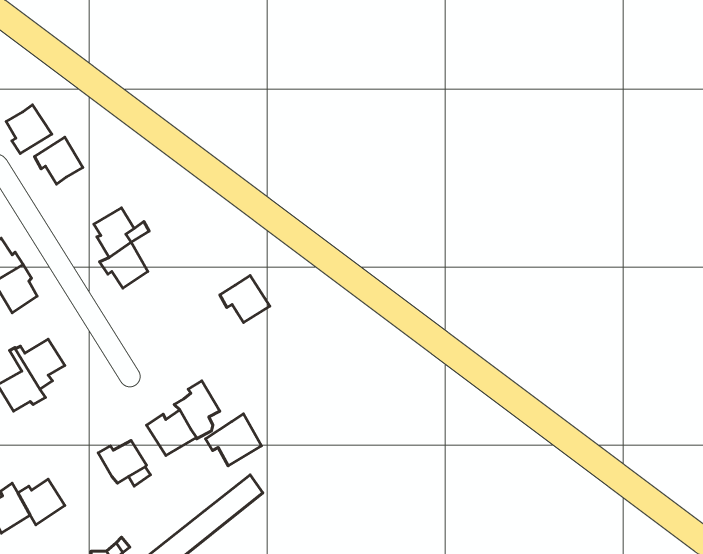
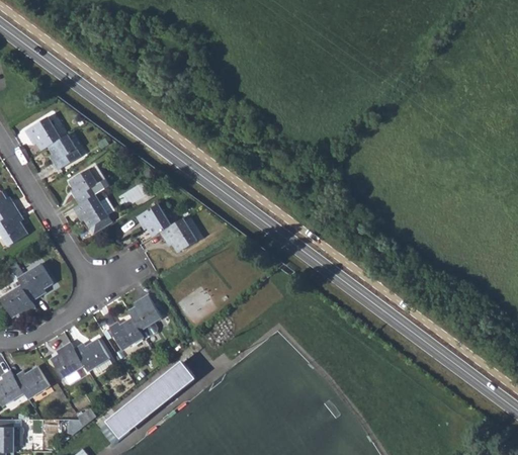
building: [6,105,52,153] -> [50,133,83,169]
building: none -> [137,202,173,237]
building: [206,414,261,466] -> none
building: none -> [51,342,83,376]

